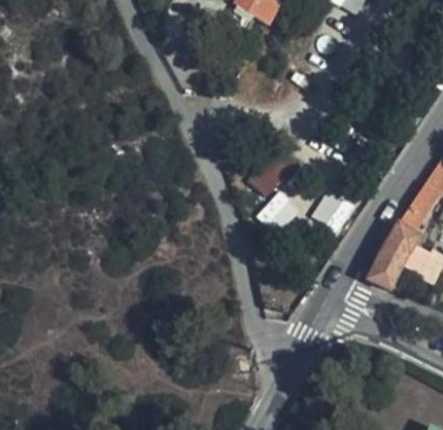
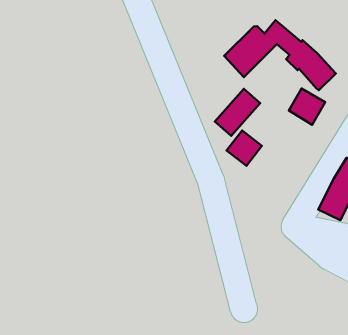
building: none -> [224,20,336,90]
building: [313,190,354,231] -> [289,89,325,125]

